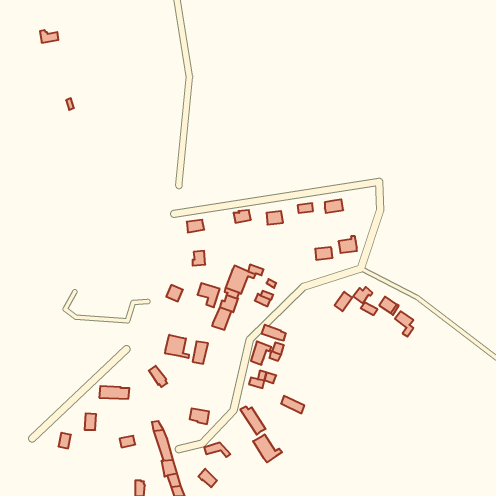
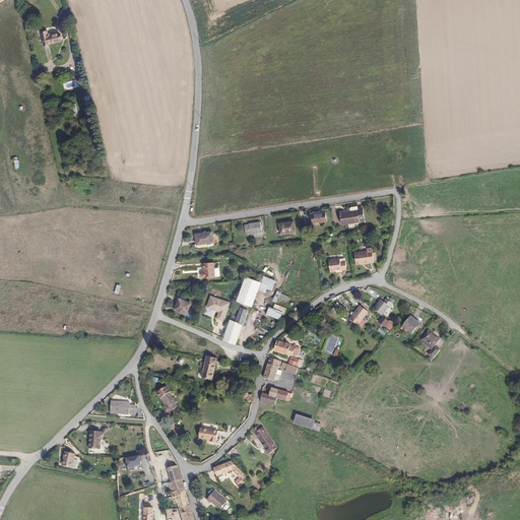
building: [165,335,189,358] -> none
building: [253,434,282,462] -> none

